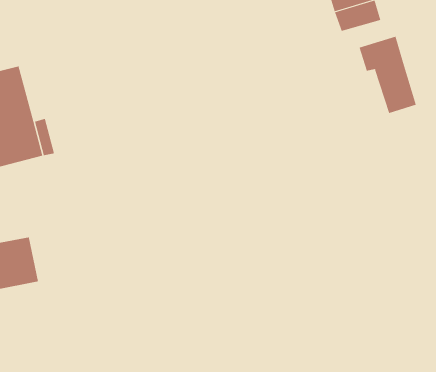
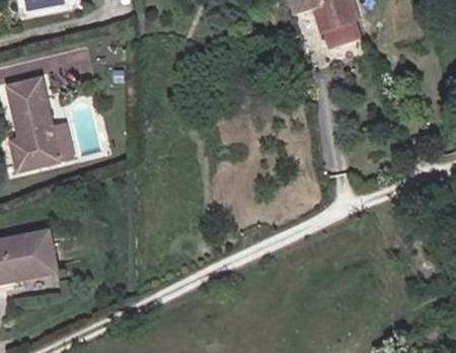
building: [359,36,416,114] -> none

